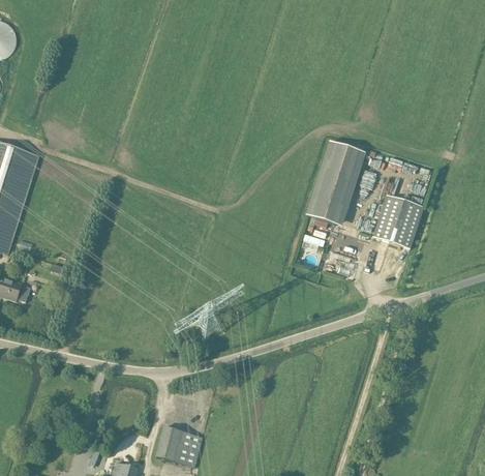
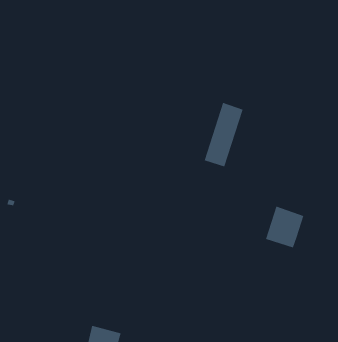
building: [372,195,422,248] -> [265,206,304,248]

